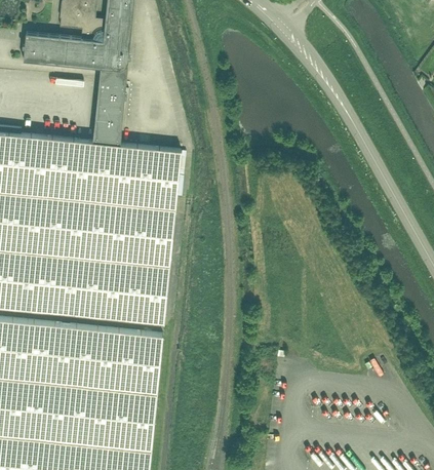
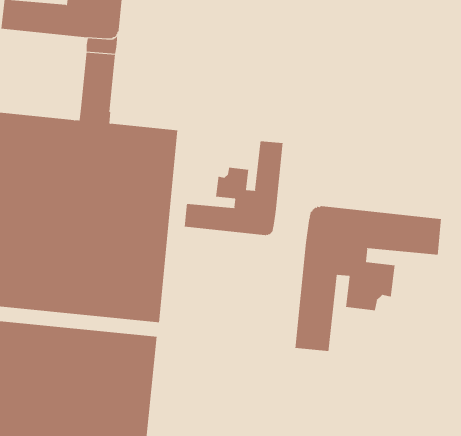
building: none -> [184,140,283,236]
building: none -> [295,205,441,352]

